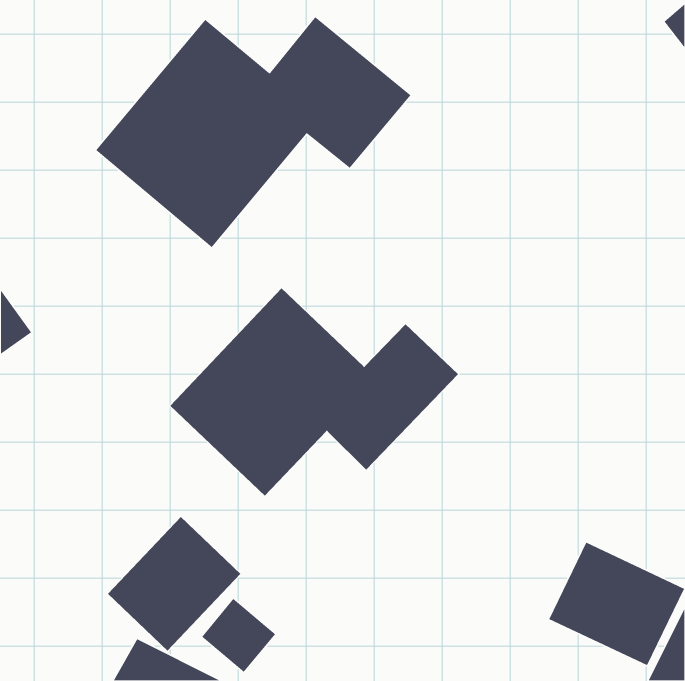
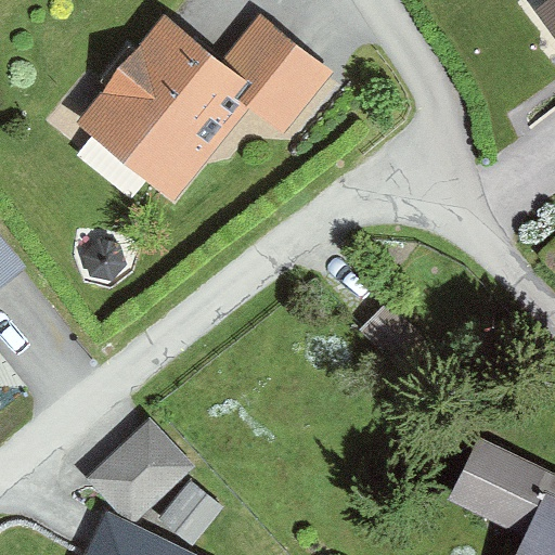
building: [169,287,459,496] -> none

